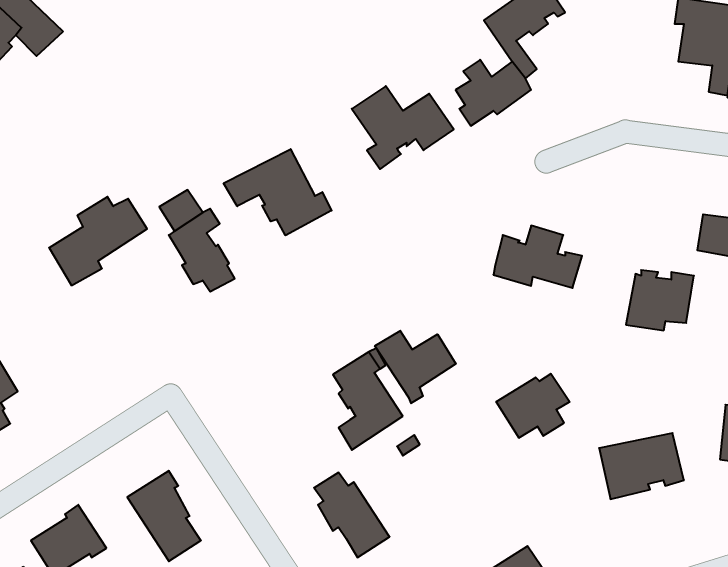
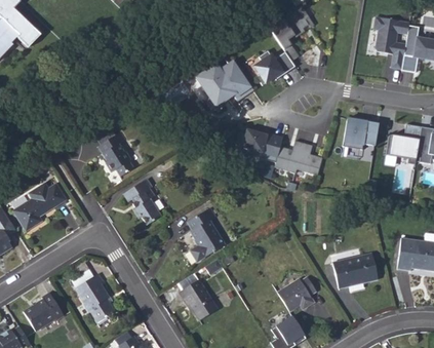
building: [224,149,332,235] -> none
building: [49,197,147,285] -> [12,182,66,230]
building: none -> [242,127,282,161]
building: [626,270,694,330] -> [342,115,379,148]
building: none -> [123,178,161,224]
building: [375,331,456,403] -> none
building: [496,374,570,438] -> [277,276,317,311]

